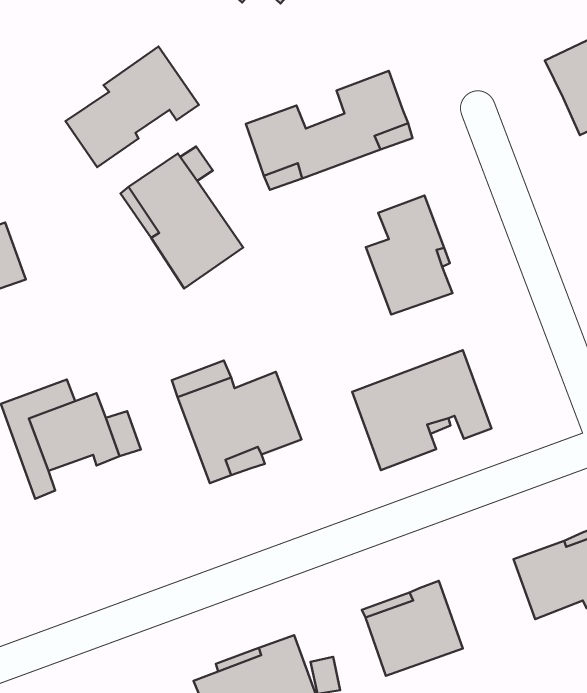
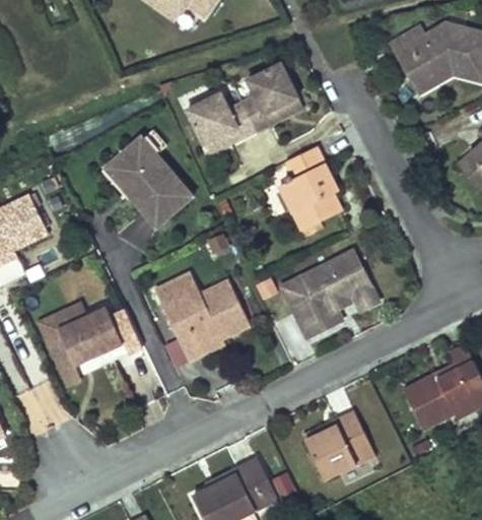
building: [65,47,199,167] -> none

